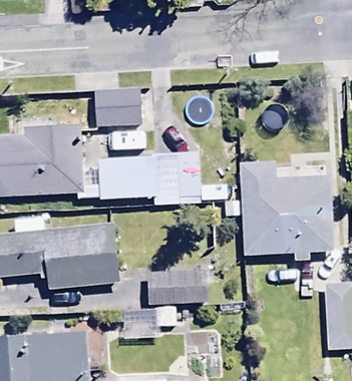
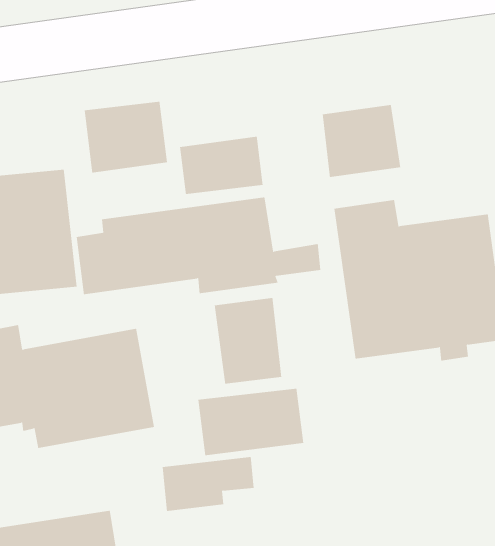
building: none -> [322,104,401,178]
building: none -> [179,136,263,195]
building: none -> [214,297,282,385]

